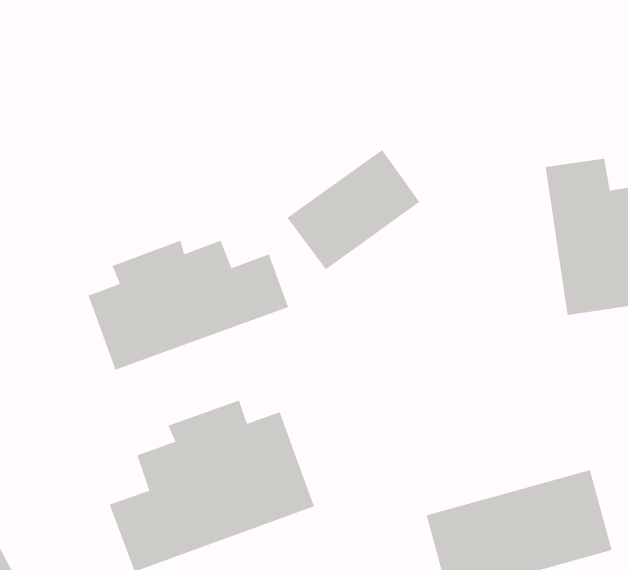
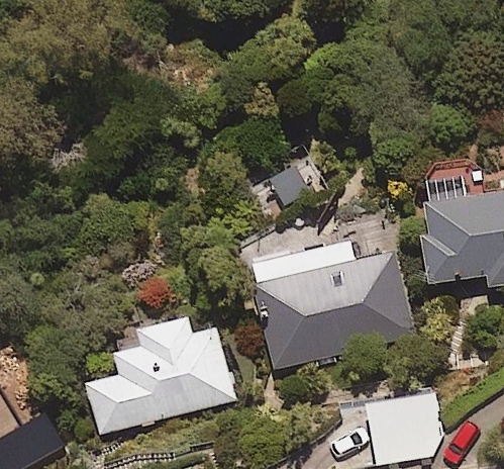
building: [88,240,289,370] -> none
building: none -> [253,242,414,366]

